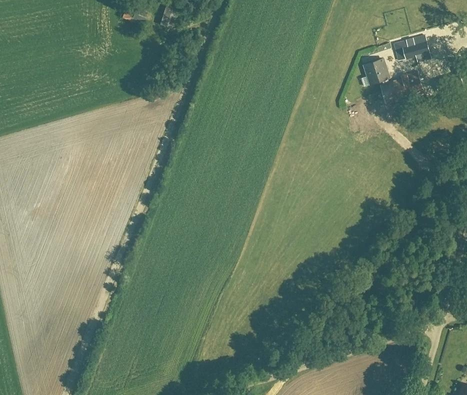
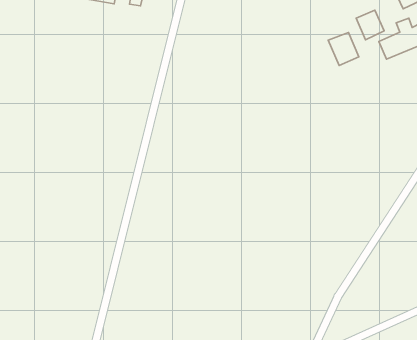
building: none -> [328,33,359,65]

